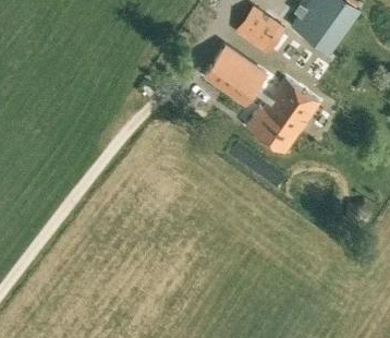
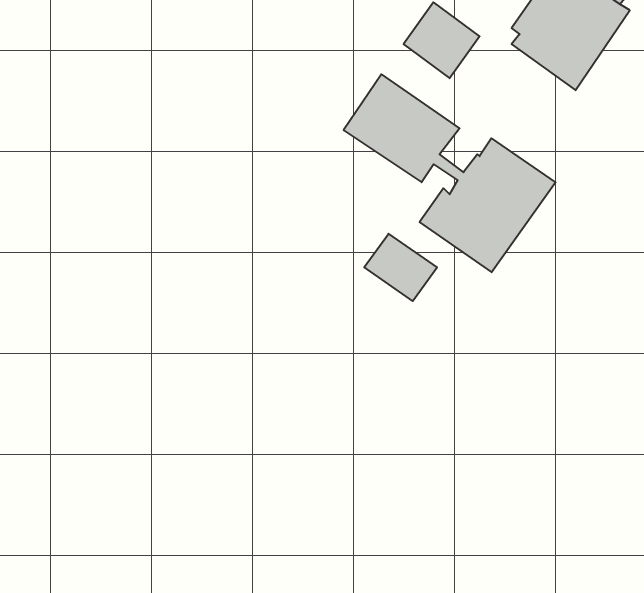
building: none -> [364,234,437,301]

